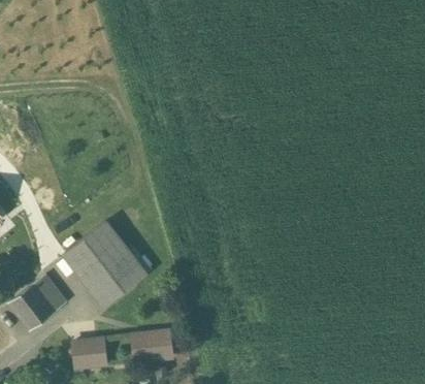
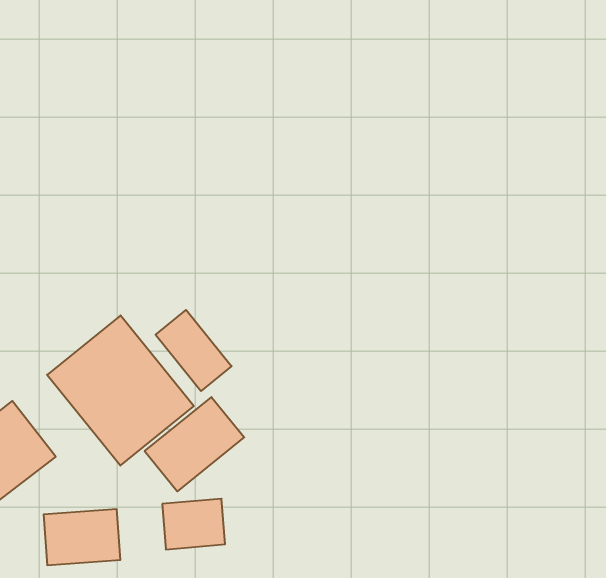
building: none -> [156,310,232,391]
building: none -> [145,397,244,491]

